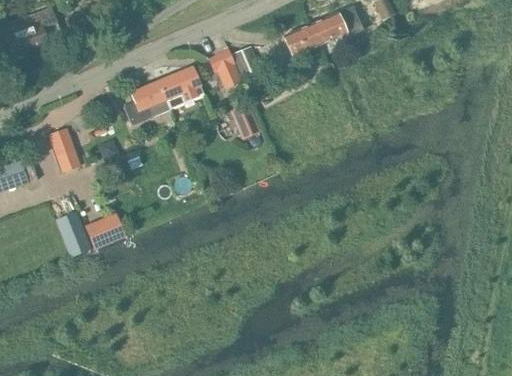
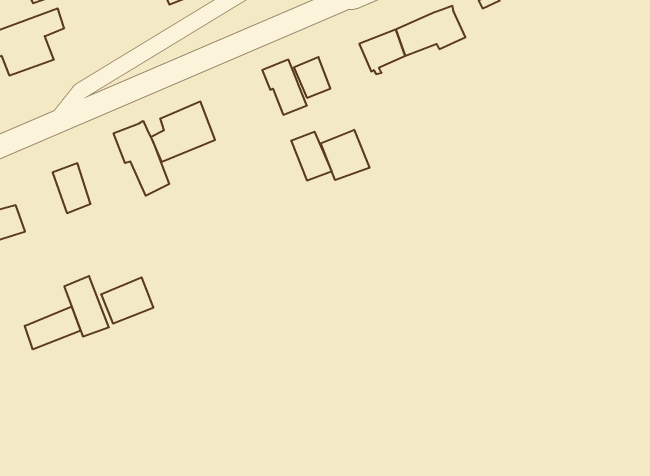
building: [162,67,204,108] -> none
building: none -> [114,121,169,196]
building: none -> [321,130,369,180]
building: none -> [25,306,81,349]

